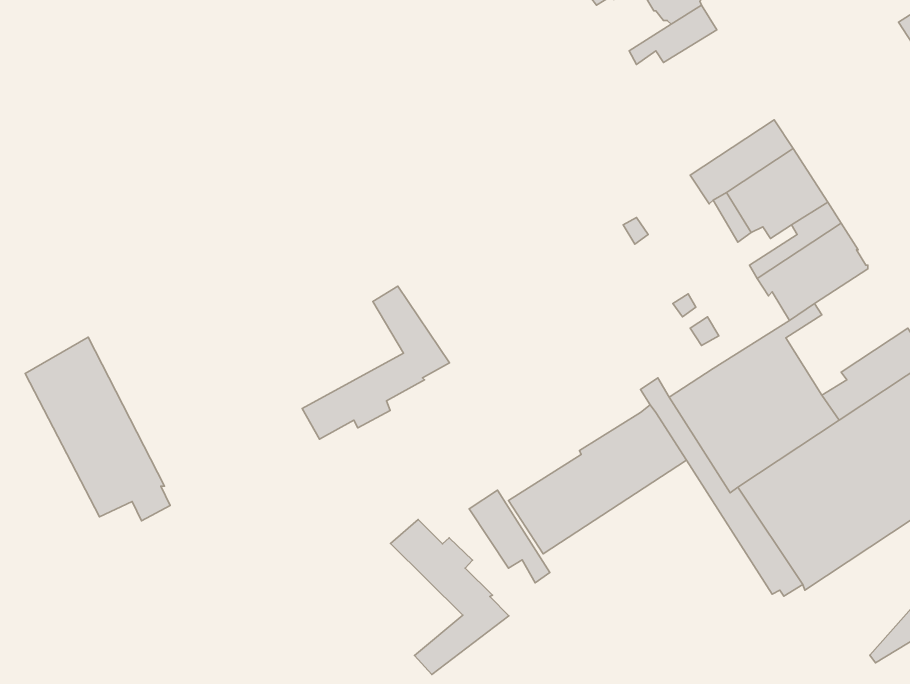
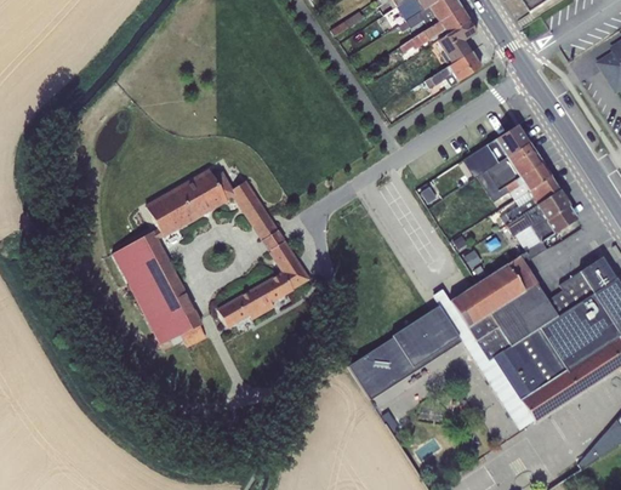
building: none -> [146,170,278,239]
building: [25,337,170,521] -> [113,229,205,346]
building: [469,490,550,583] -> none
building: [390,519,509,675] -> none

